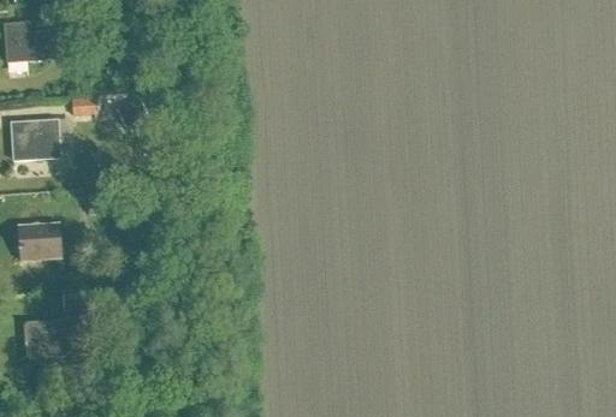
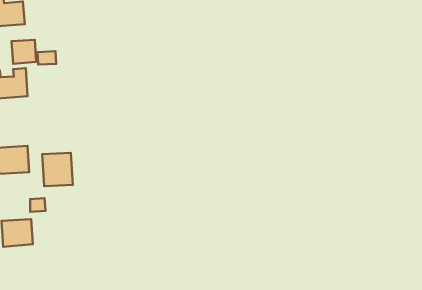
building: none -> [11,40,36,64]
building: none -> [42,153,73,186]

